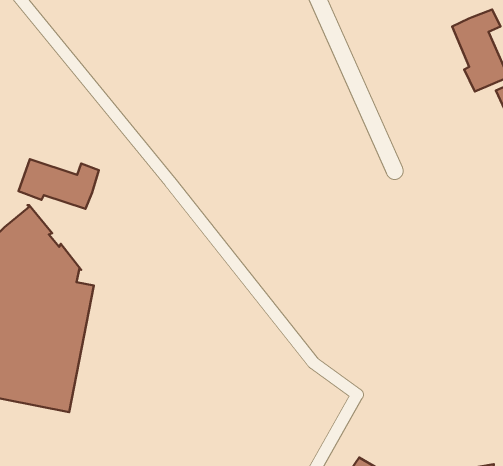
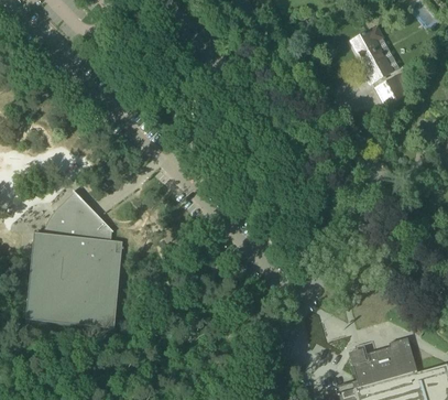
building: [18,159,99,209] -> none

